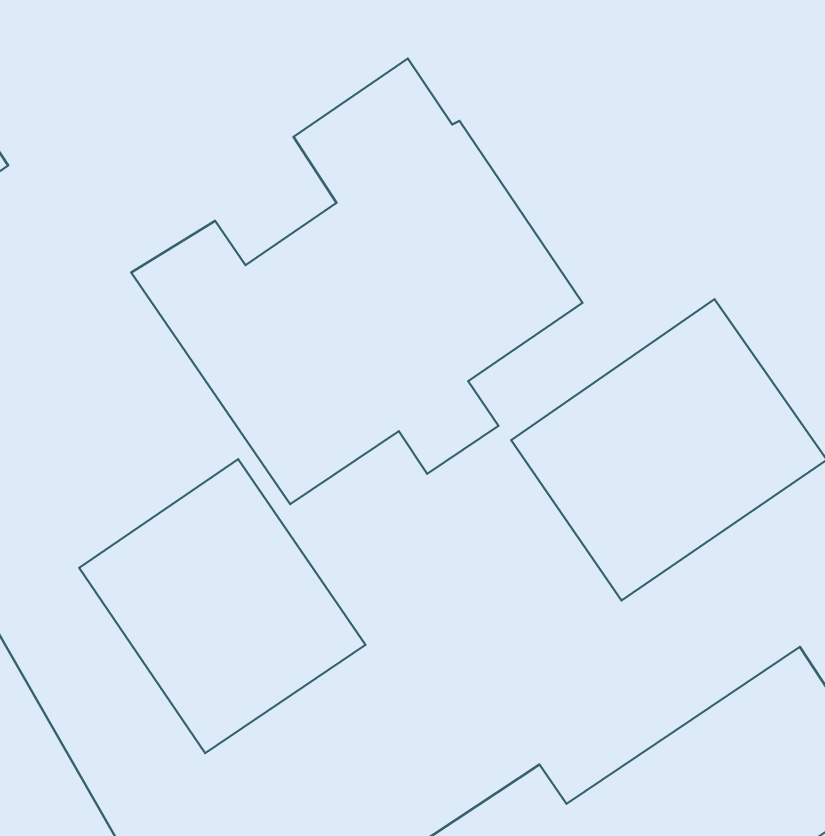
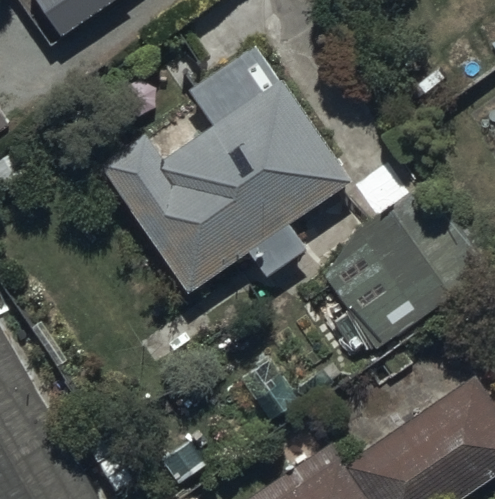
building: [79,459,366,753] -> none

